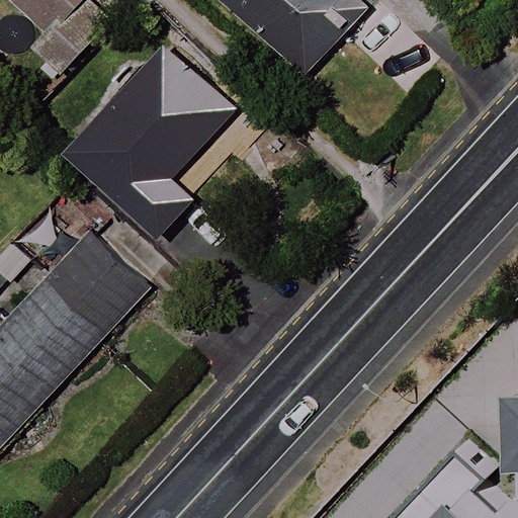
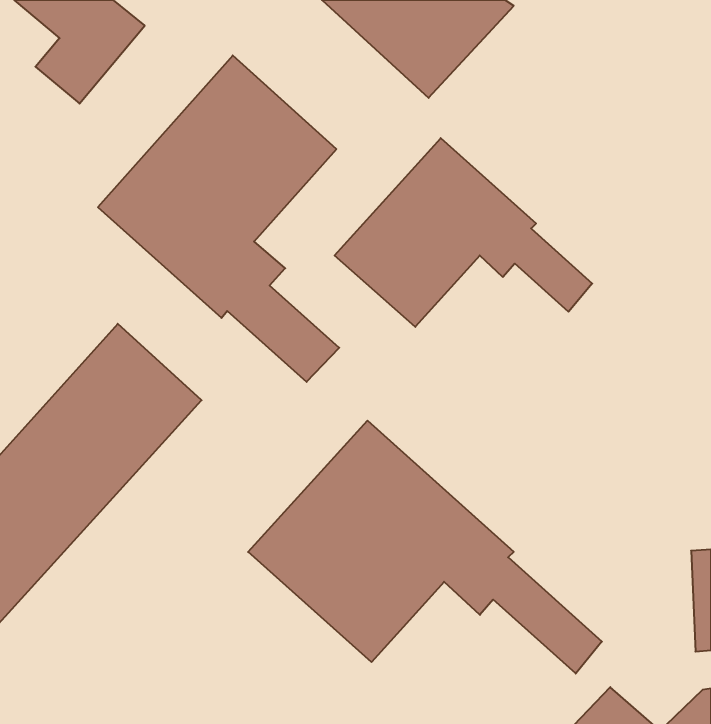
building: none -> [335,138,592,327]
building: none -> [248,421,602,674]

